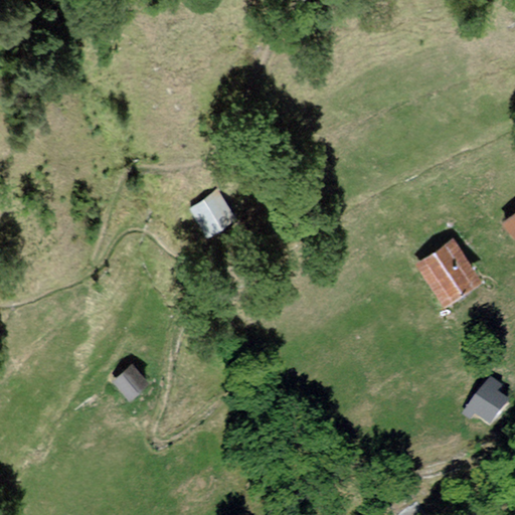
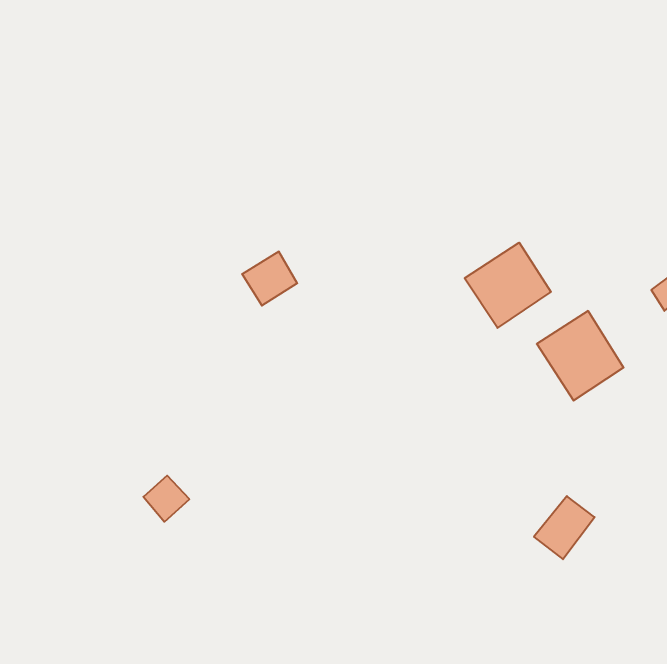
building: none -> [465,243,551,328]
building: [462,382,508,431] -> [534,496,595,559]

